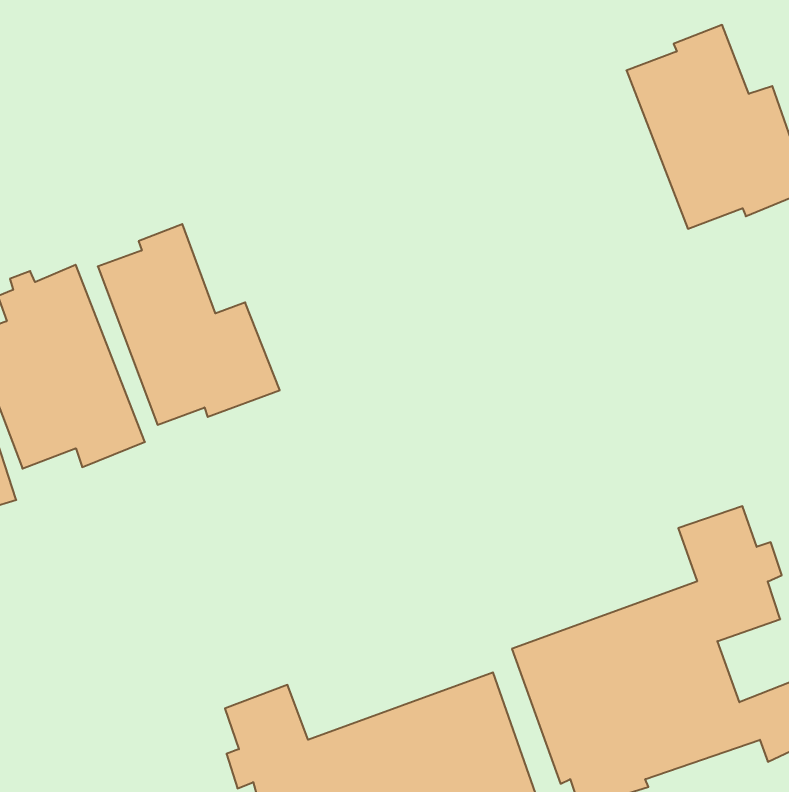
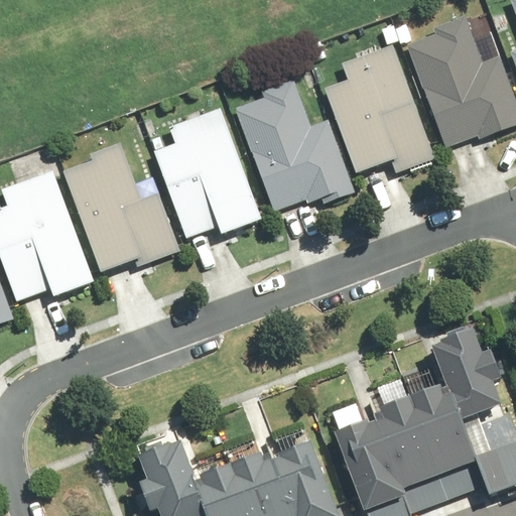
building: none -> [322,45,436,176]
building: none -> [234,80,351,211]
building: none -> [151,116,264,250]

